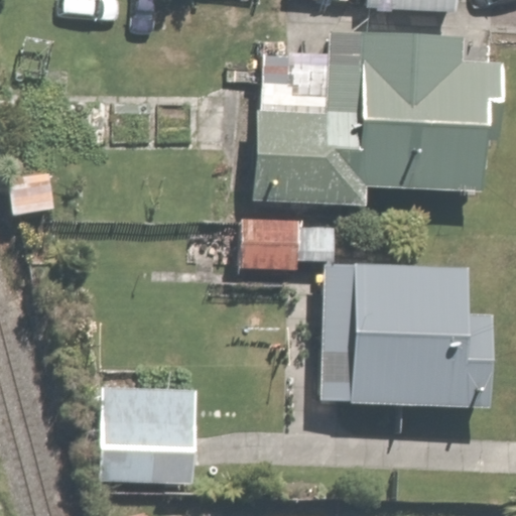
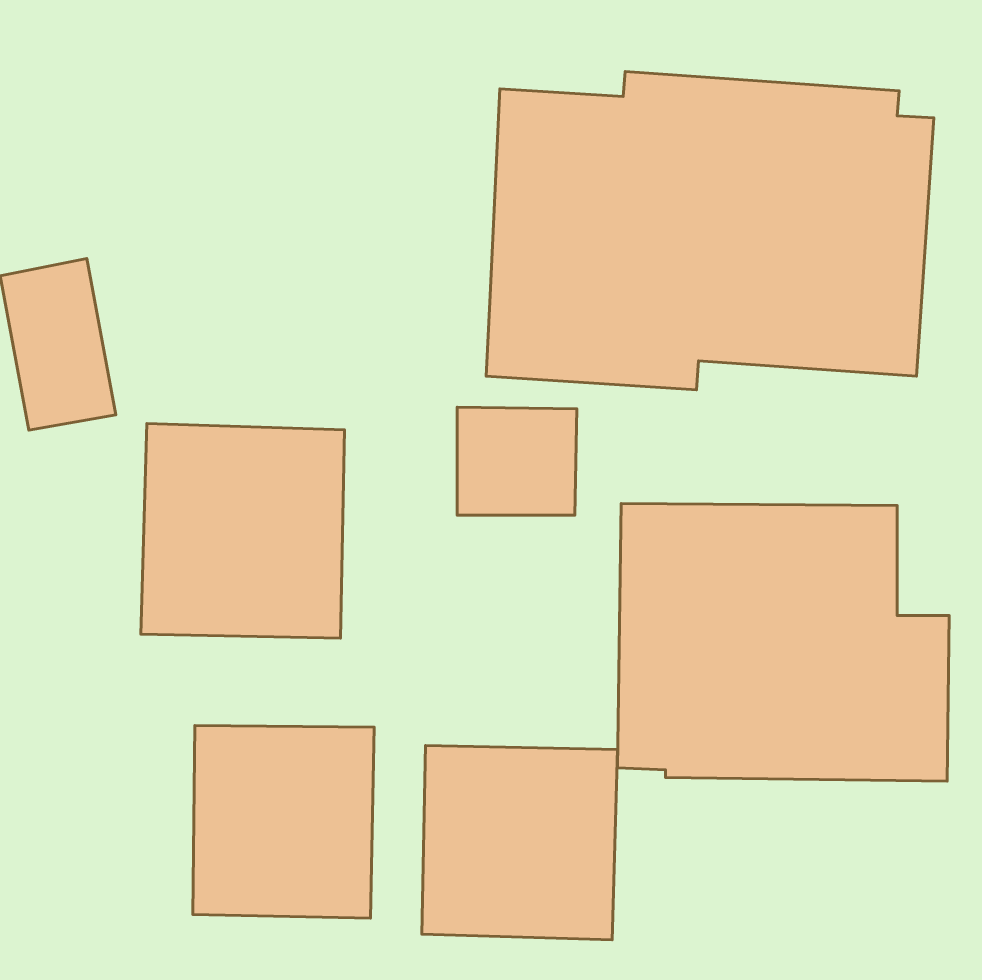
building: none -> [141,424,345,638]
building: none -> [422,746,618,940]

